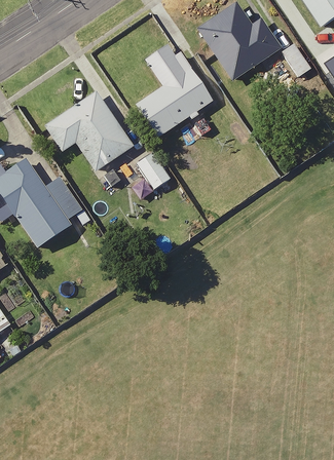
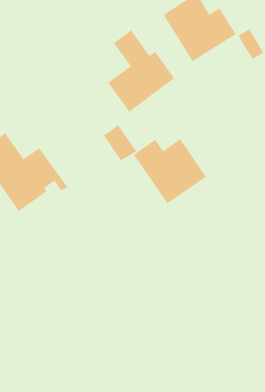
building: [44,89,134,170] -> none
building: none -> [133,138,207,204]

